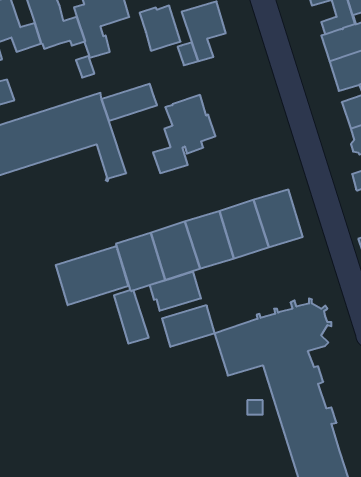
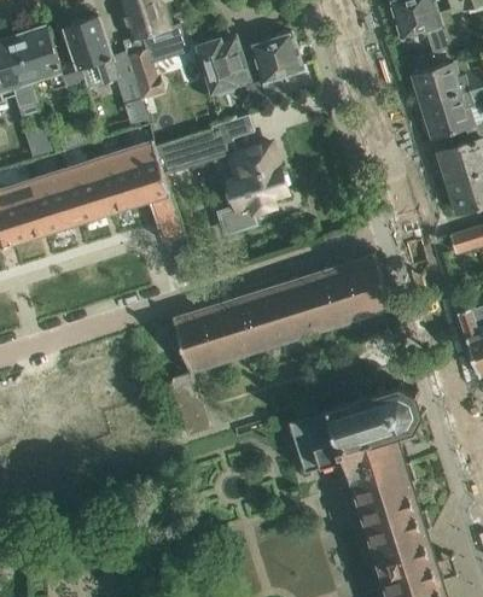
building: none -> [209,116,252,156]
building: [56,246,128,305] -> none
building: [150,272,201,311] -> none
building: [162,305,214,347] -> none

